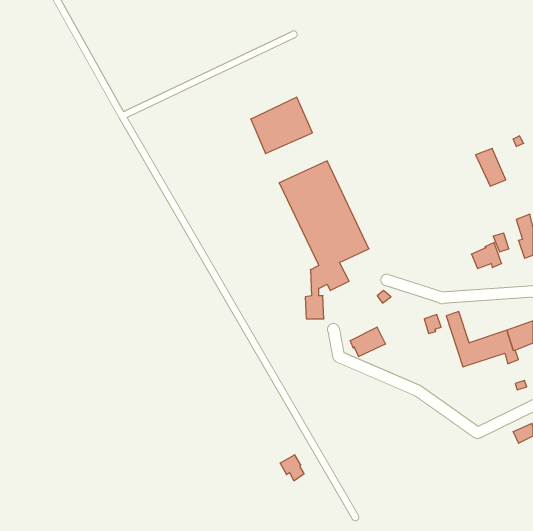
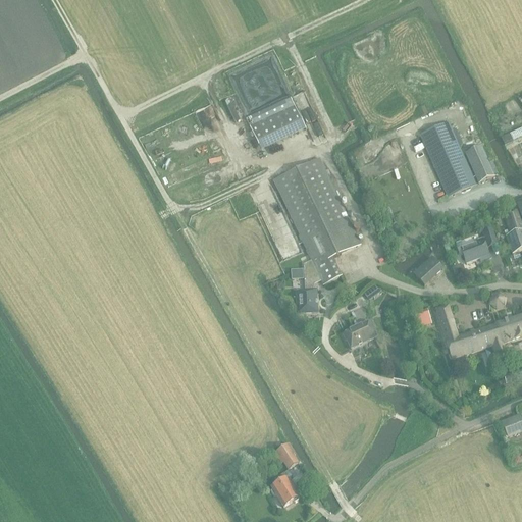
building: none -> [419,120,475,196]
building: none -> [413,257,441,284]
building: none -> [270,472,298,506]

